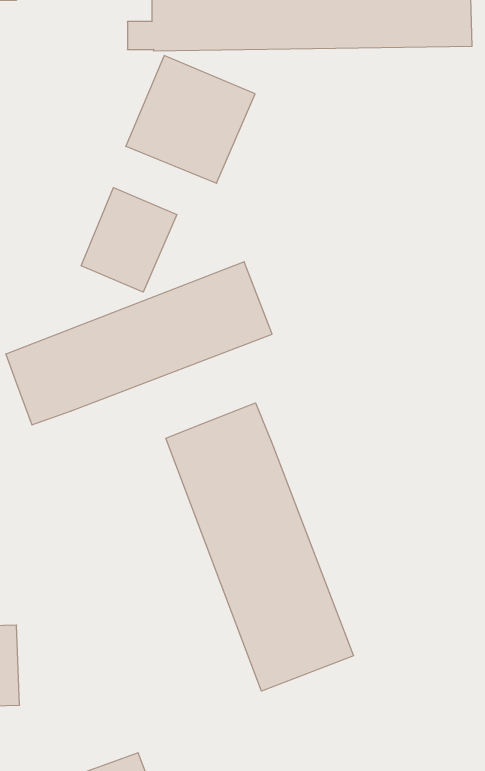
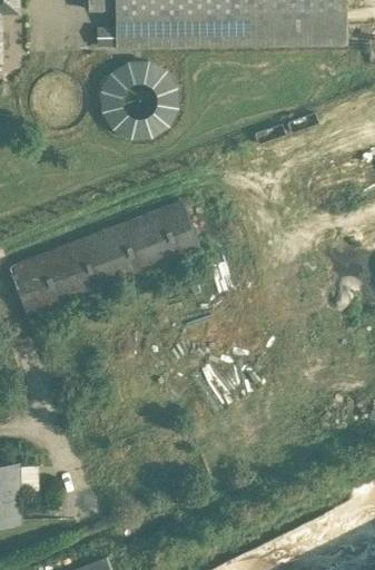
building: [81,188,177,292] -> none
building: [166,403,354,691] -> none

